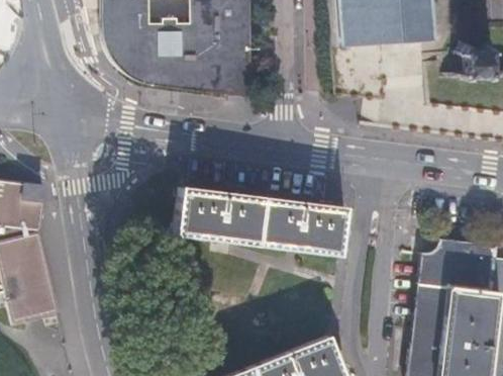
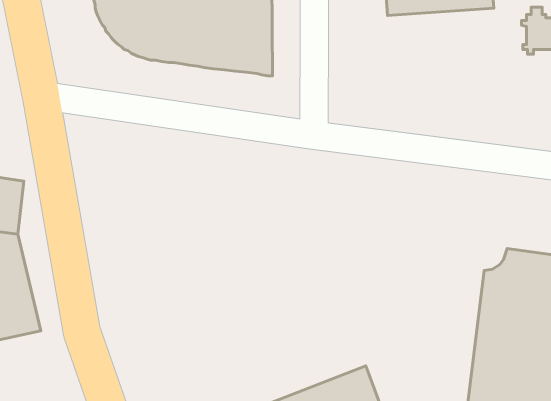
building: [176,189,348,256] -> none

